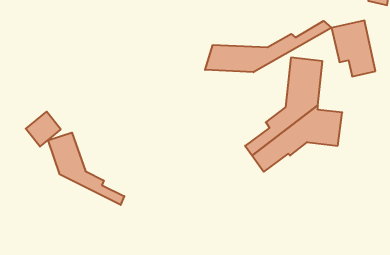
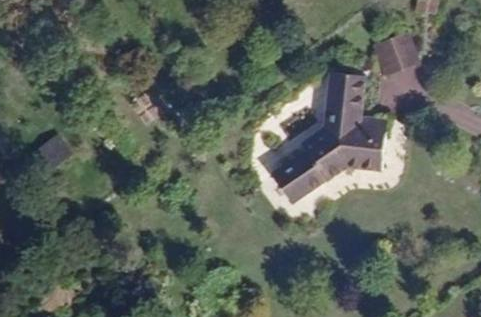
building: [205,21,331,72] -> none
building: [48,133,124,205] -> none

